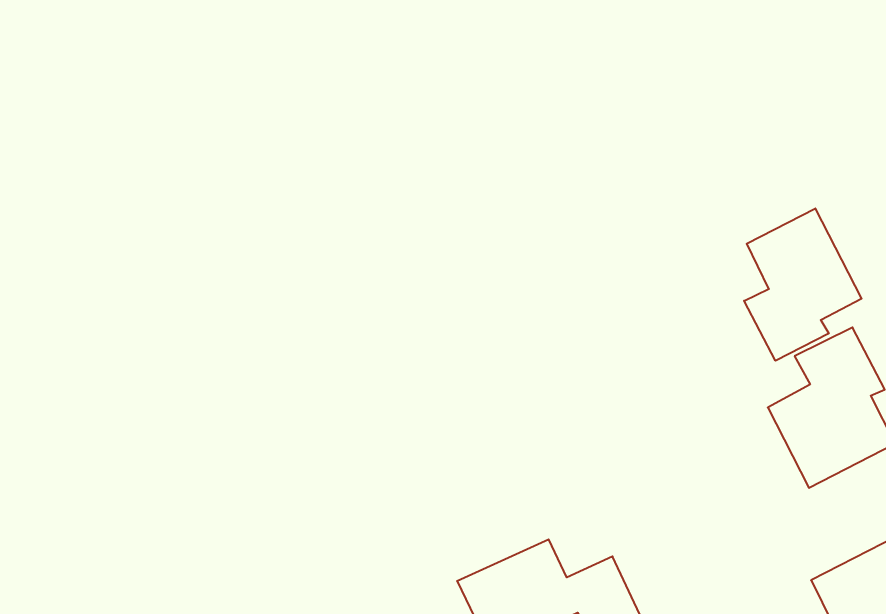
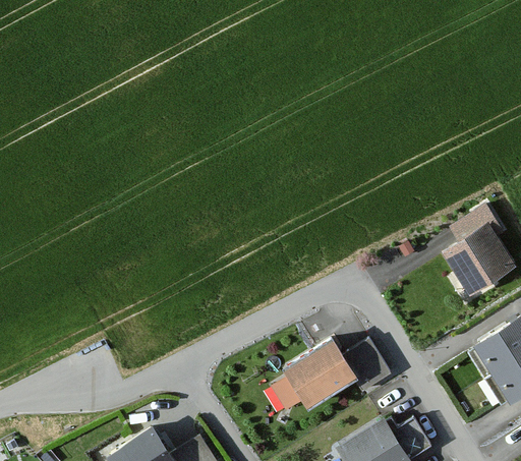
building: [744,208,862,361] -> none

